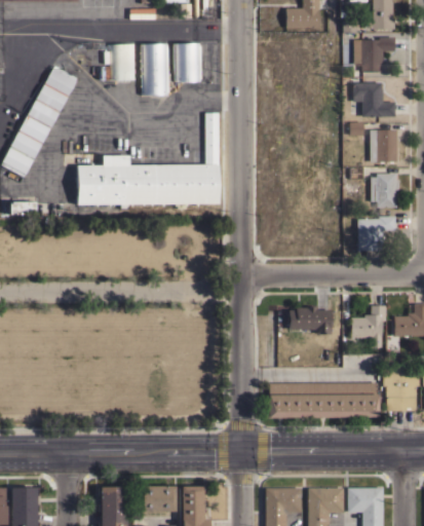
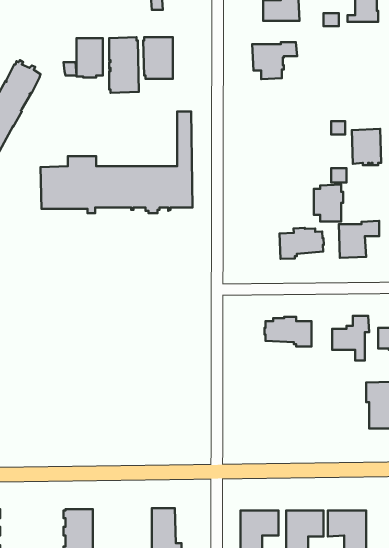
building: [353,38,395,73] -> [252,42,297,79]
building: [352,83,395,117] -> none
building: [371,174,398,209] -> [314,184,343,221]
building: none -> [280,228,324,259]
building: [267,380,379,416] -> none
building: [139,487,176,513] -> none

